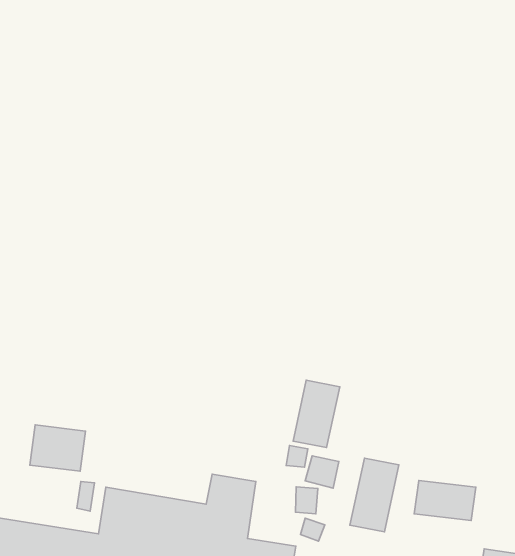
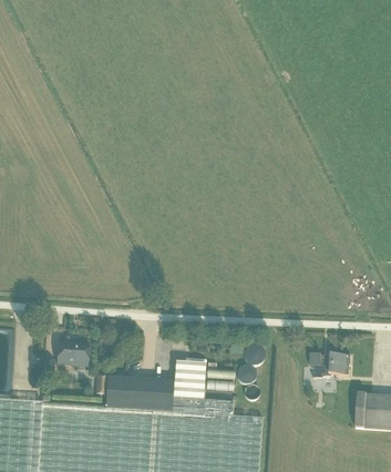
building: [293,380,340,447] -> none
building: [350,458,399,532] -> none

